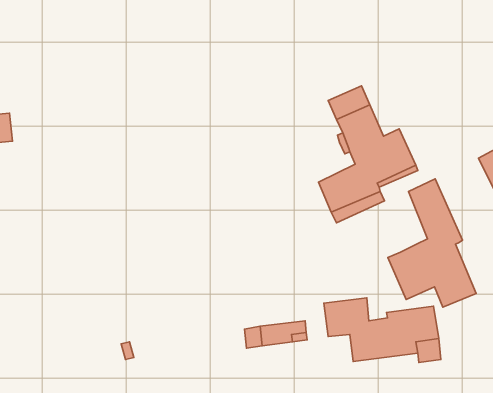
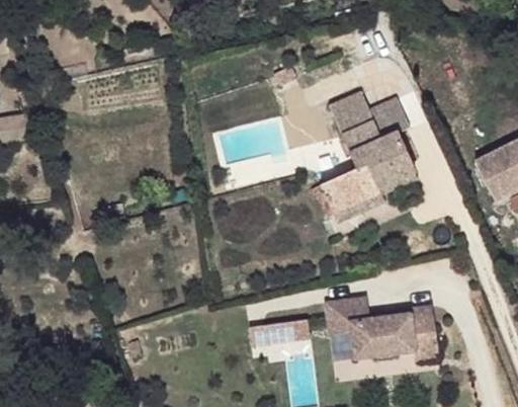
building: none -> [369,97,410,140]
building: [388,179,476,307] -> none

